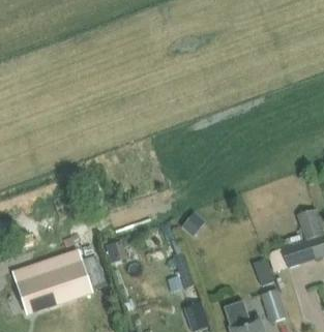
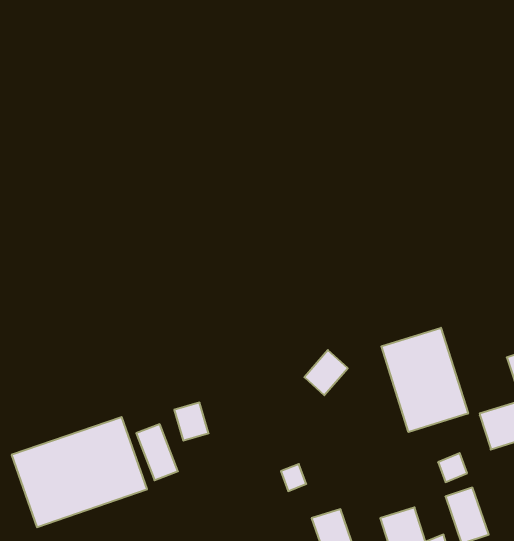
building: none -> [381,328,468,432]

